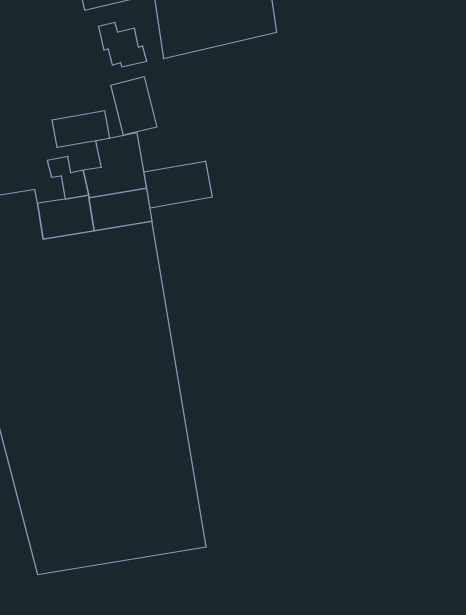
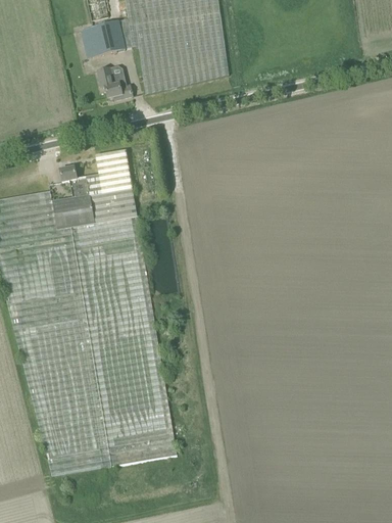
building: [111,77,157,136] -> none
building: [52,111,110,148] -> none
building: [144,161,212,208] -> none

